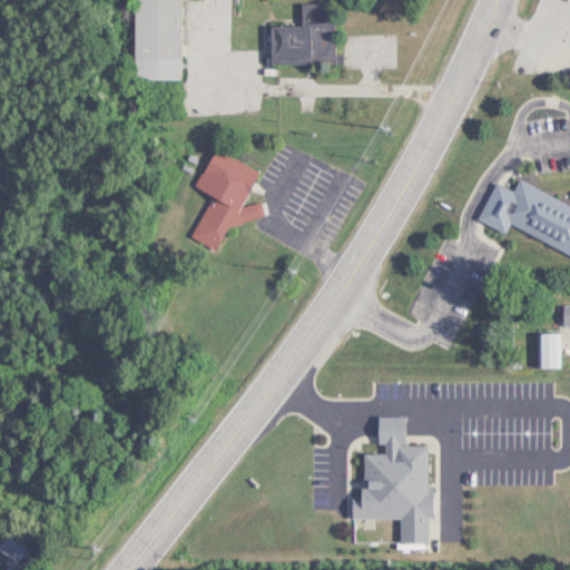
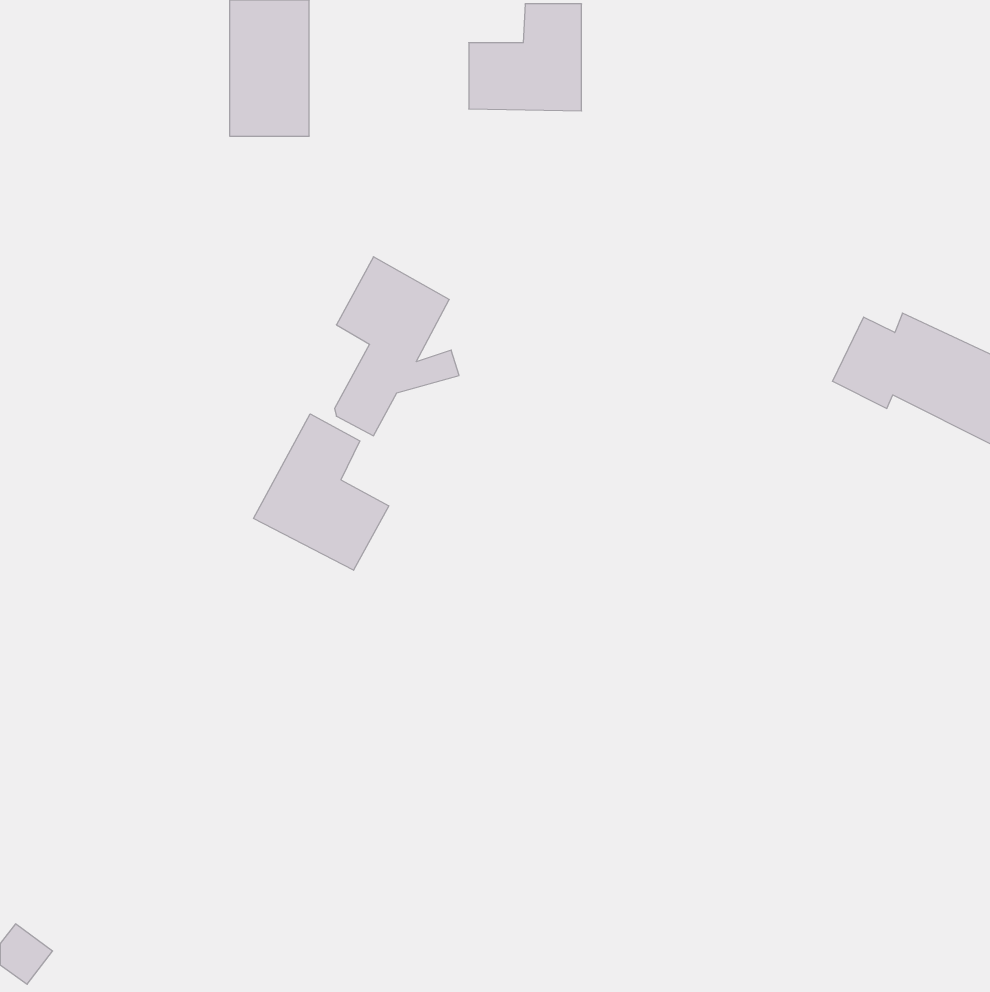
building: none -> [254,414,389,570]
building: [539,335,560,367] -> none
building: [352,417,432,543] -> none

